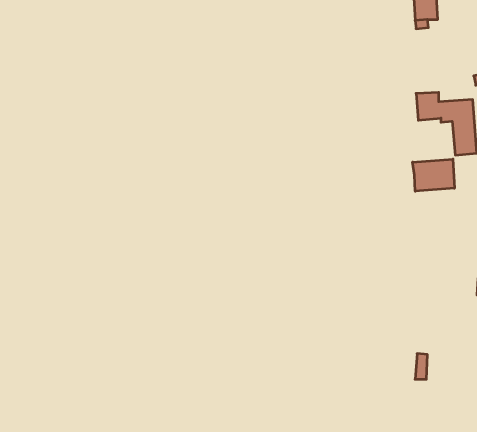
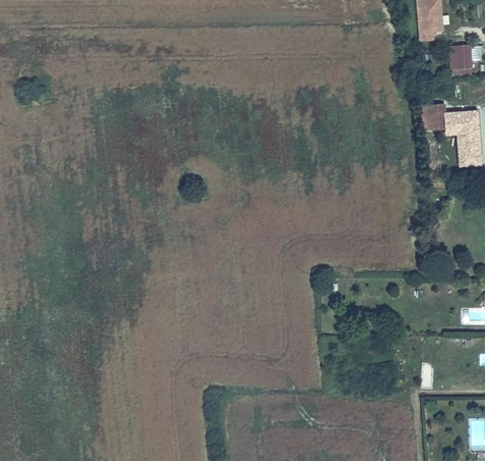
building: none -> [447,42,469,67]
building: [413,159,454,191] -> none

